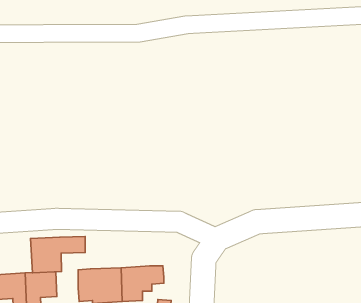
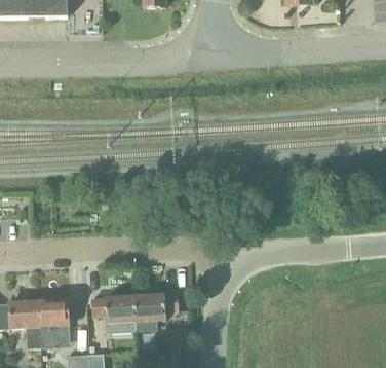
building: [31,236,85,273] -> none

